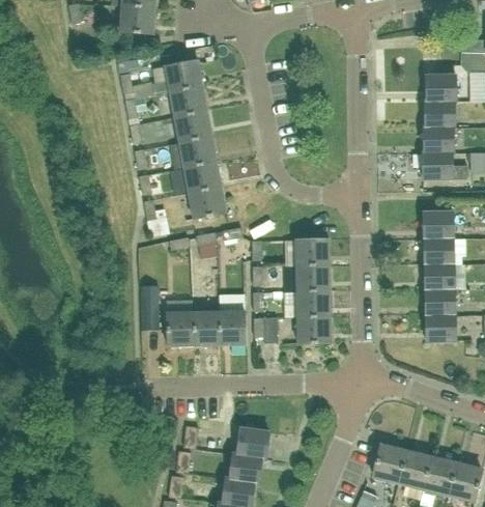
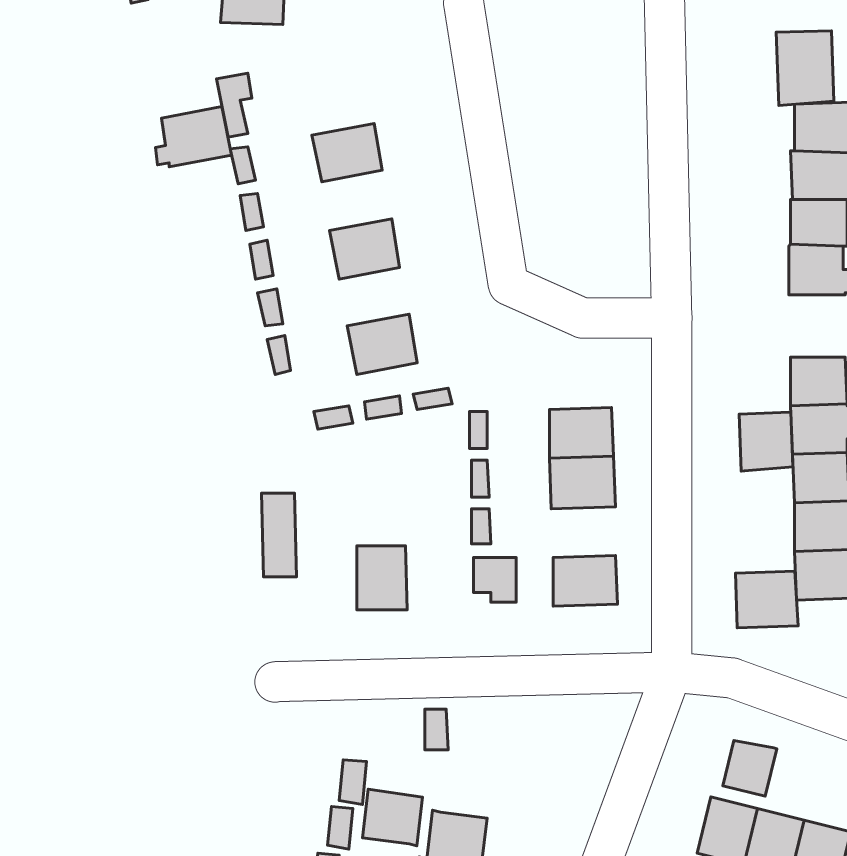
building: none -> [776,31,834,105]
building: [162,60,202,92] -> [156,107,232,167]
building: [174,111,211,143] -> none
building: [183,163,221,194] -> none
building: none -> [739,412,793,471]
building: [296,290,331,317] -> none
building: [166,311,193,345] -> none
building: [219,311,246,345] -> none
building: none -> [736,571,798,628]
building: none -> [723,740,777,796]
building: [237,427,269,457] -> [362,789,423,846]

